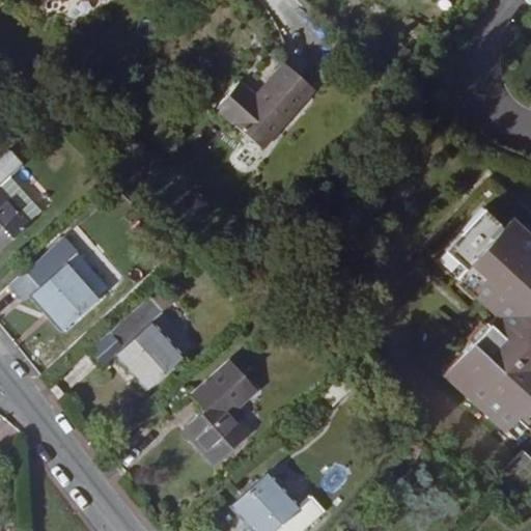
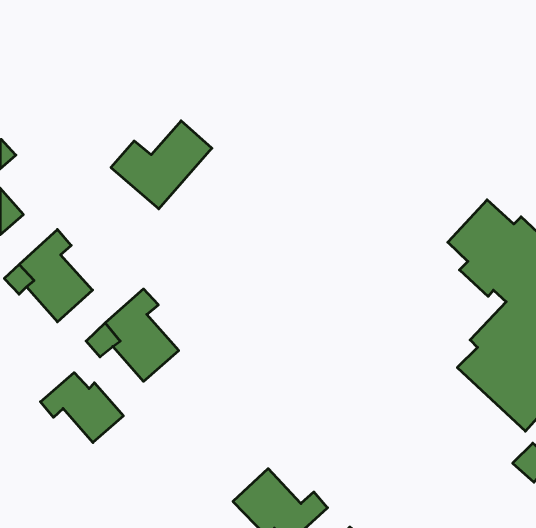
building: [219,65,317,151] -> [111,121,212,209]
building: [186,358,251,463] -> none
building: none -> [40,373,123,443]

